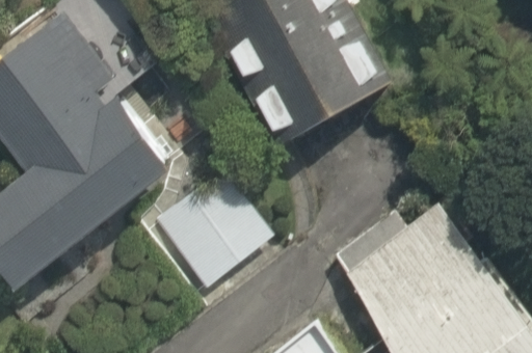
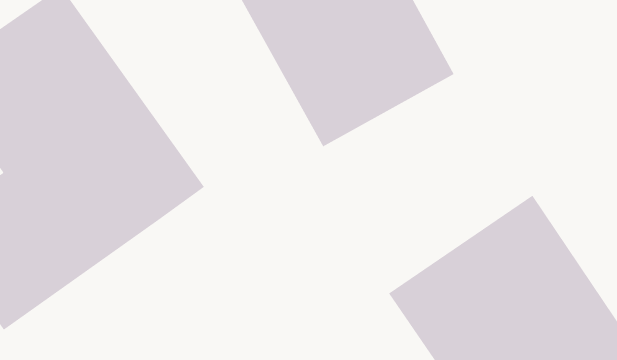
building: [149,160,269,279] -> none

